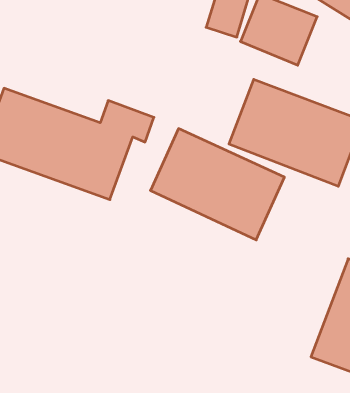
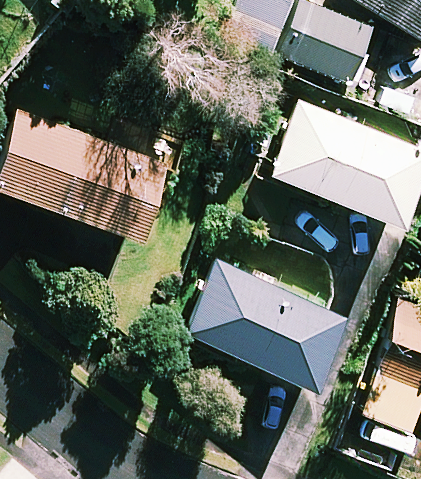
building: [150,129,284,240] -> [191,263,343,389]

